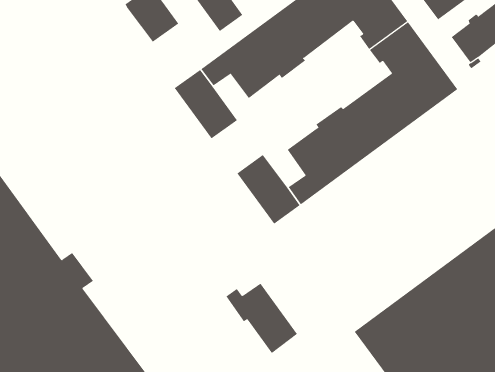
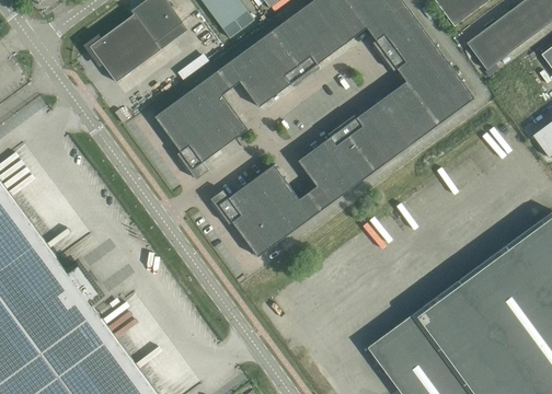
building: none -> [90,14,160,82]
building: none -> [154,96,220,179]
building: [226,283,298,354] -> [210,184,285,257]

